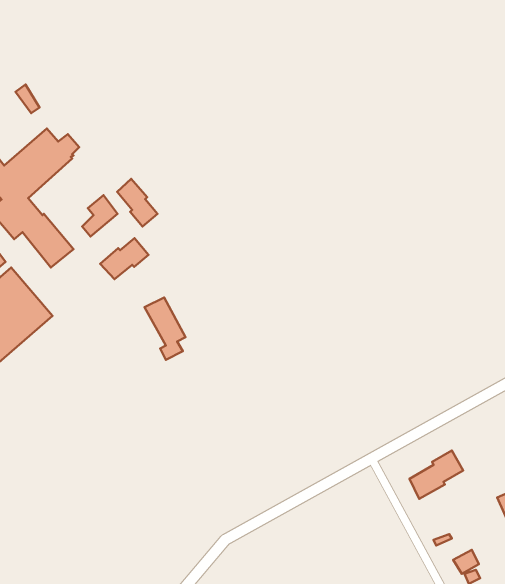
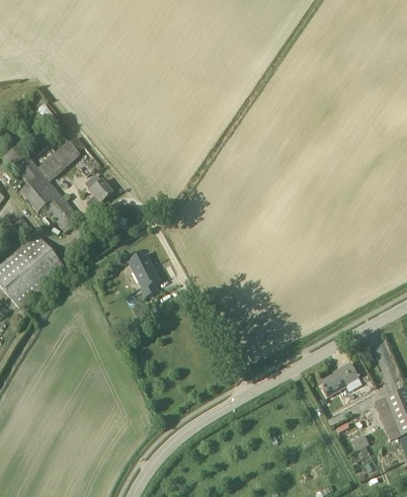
building: [117,179,158,226] -> none
building: [100,238,148,279] -> none

